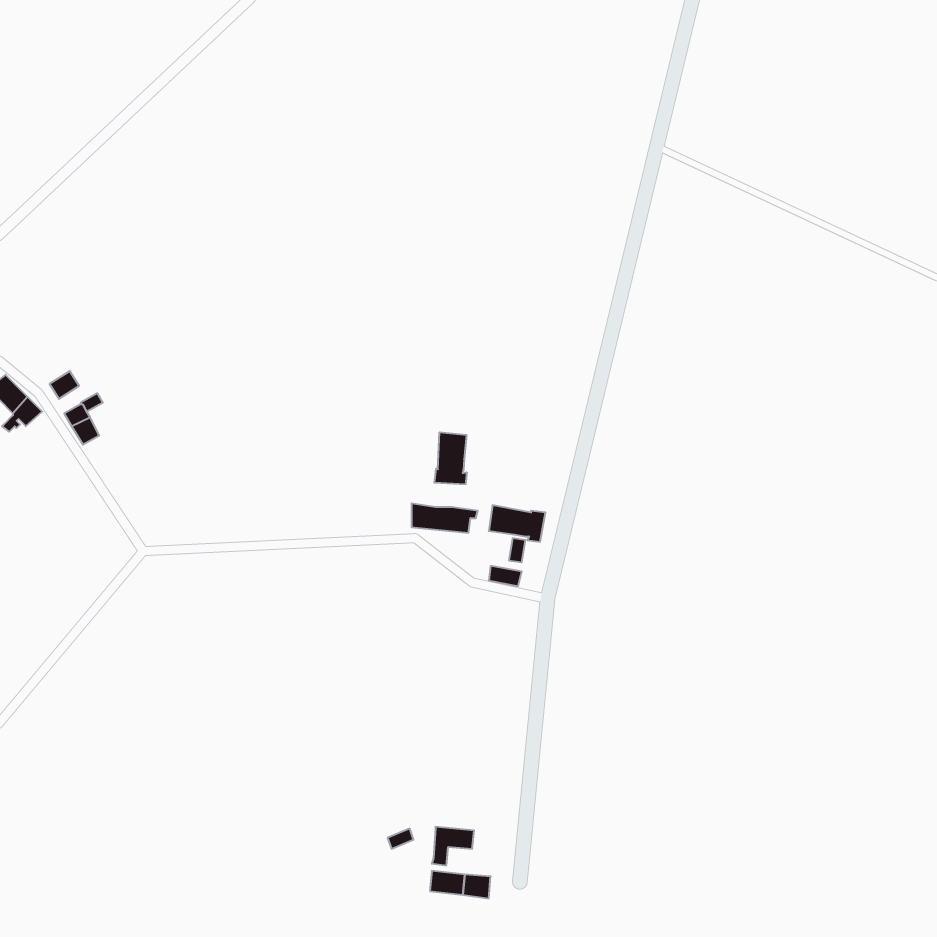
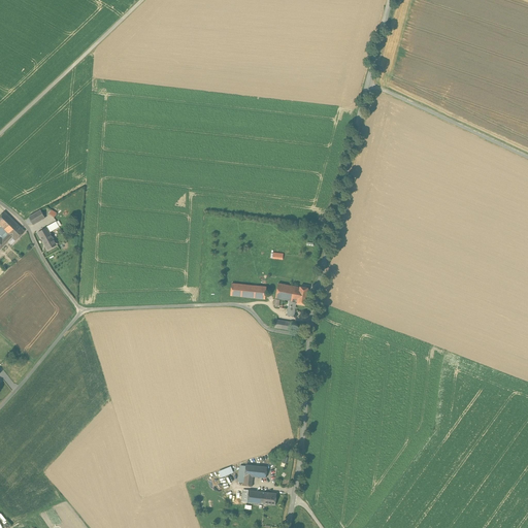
building: [434,432,467,484] -> none

